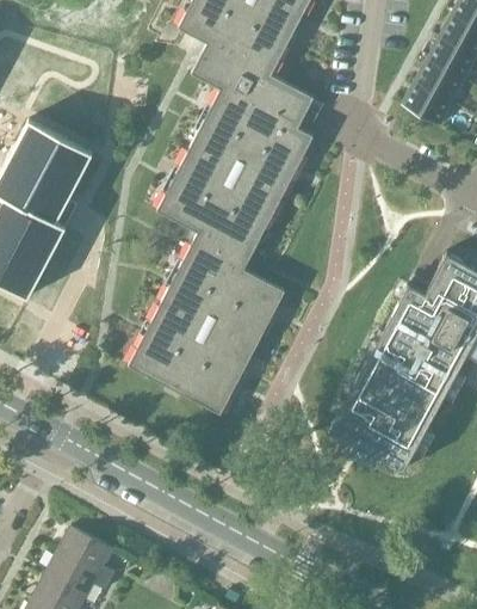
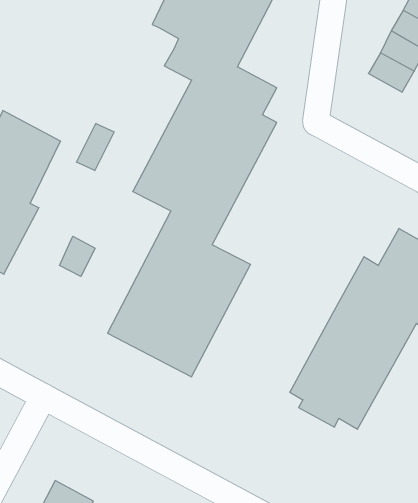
building: [403,81,452,124] -> none
building: none -> [77,123,114,171]
building: none -> [60,236,95,276]

